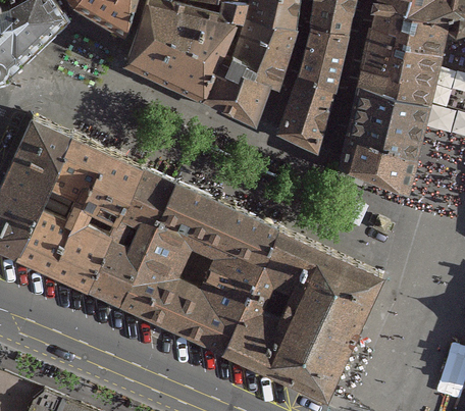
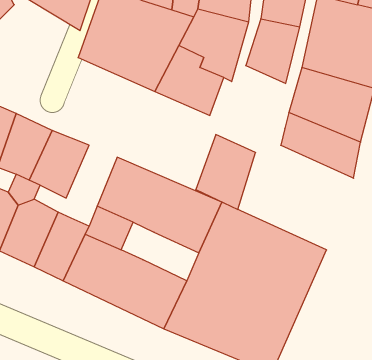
building: [276,82,338,158] -> [196,135,256,209]
building: [113,163,165,246] -> none
building: [192,252,249,302] -> none

